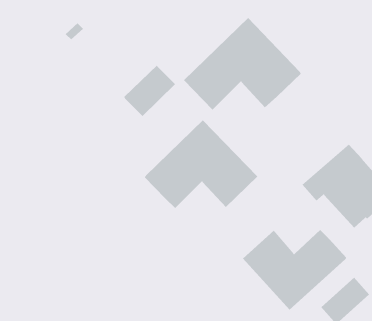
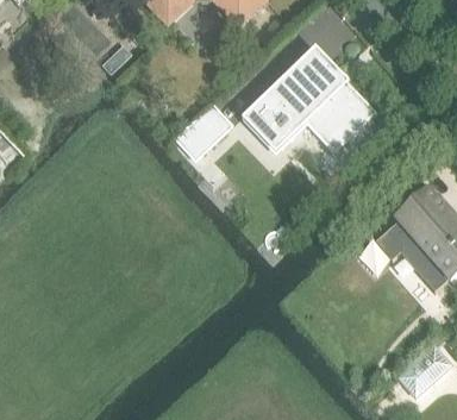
building: [144,120,258,209] -> none
building: [242,229,347,311] -> none

